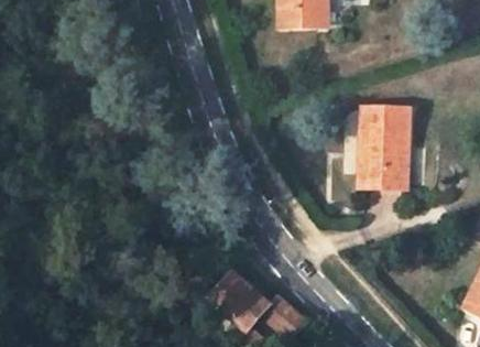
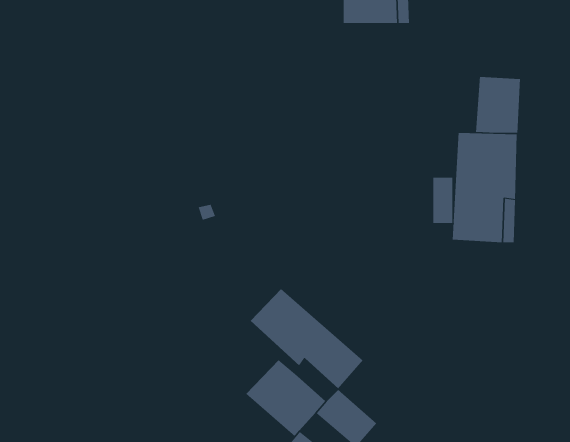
building: none -> [476,76,521,134]
building: none -> [250,288,363,389]

